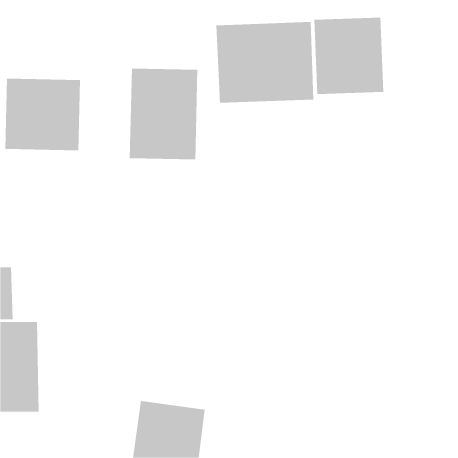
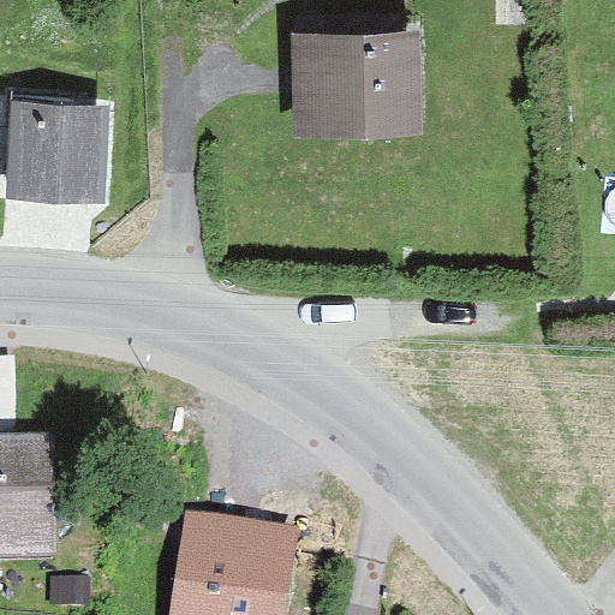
building: [314,17,384,95] -> none
building: [129,68,198,160] -> none

